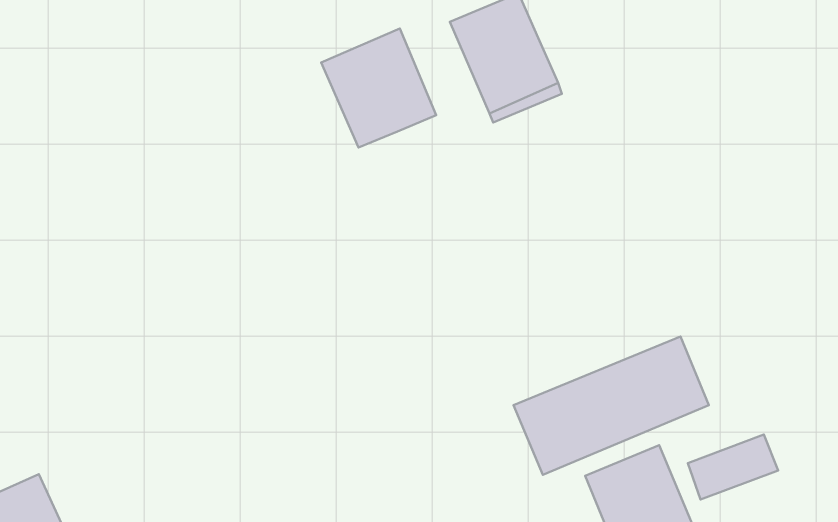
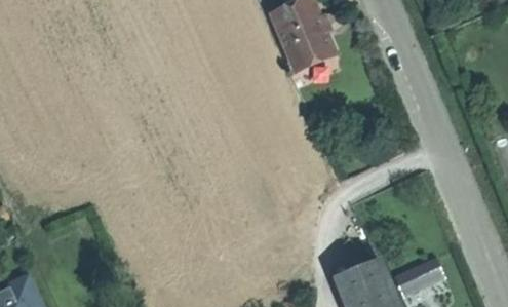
building: [321,28,436,148] -> none
building: [513,337,709,475] -> none

